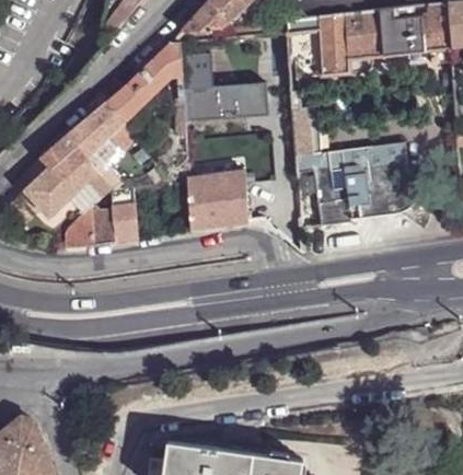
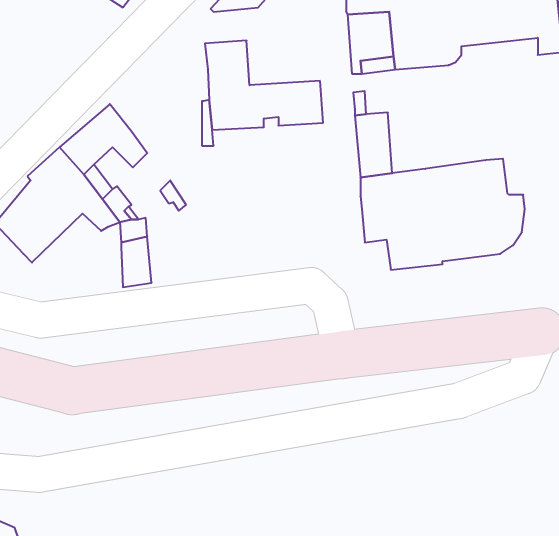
building: [105,47,170,123] -> none
building: [187,172,247,230] -> none
building: [65,205,115,245] -> none

